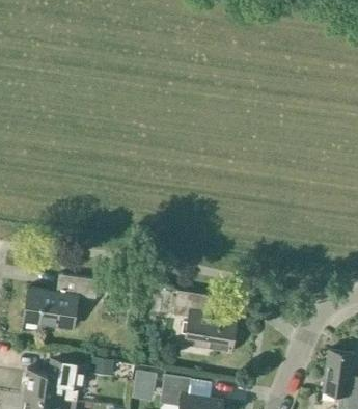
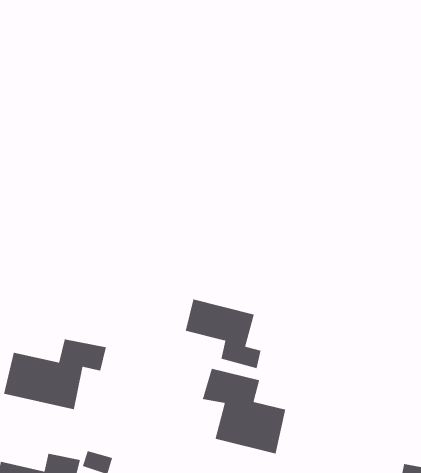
building: none -> [185,299,262,369]

